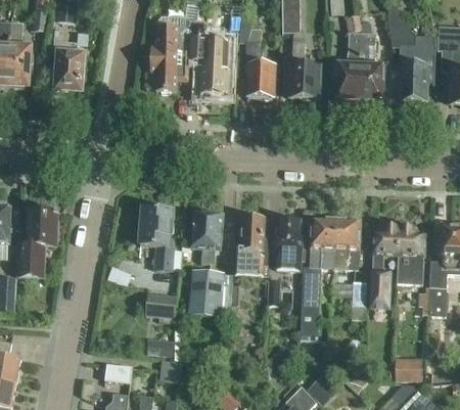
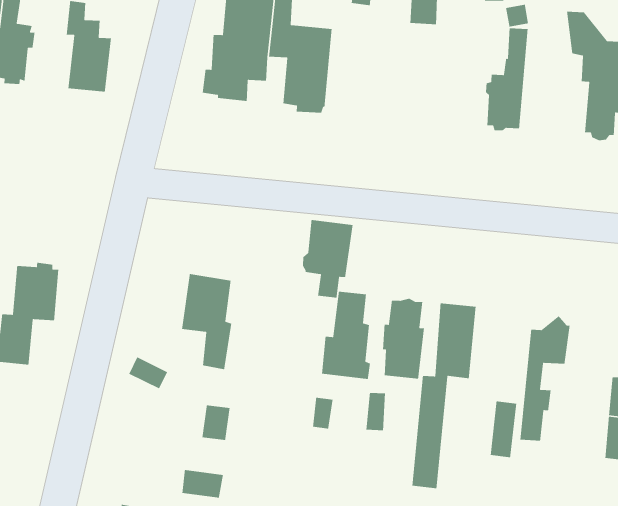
building: [244,29,275,98] -> none
building: [360,32,385,103] -> none
building: [290,43,320,101] -> none
building: [191,211,224,263] -> [302,219,353,299]
building: [335,219,361,269] -> none
building: [398,222,425,284] -> none
building: [190,271,224,315] -> none

